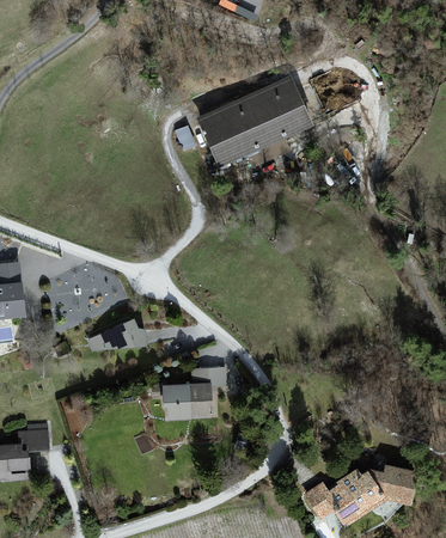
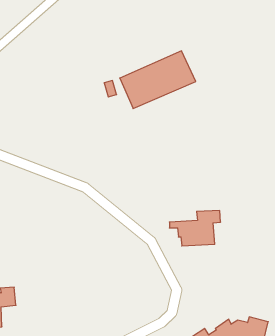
building: [88,320,145,349] -> none
building: [152,368,226,420] -> [169,211,221,246]

